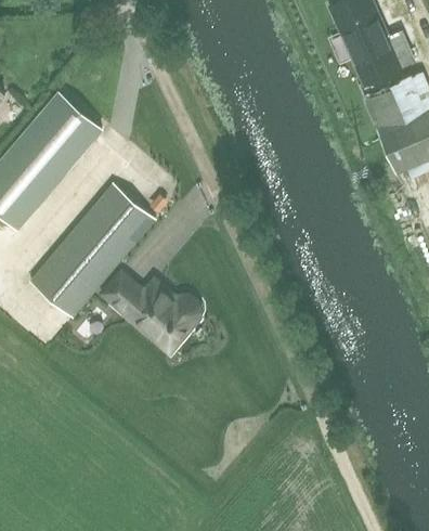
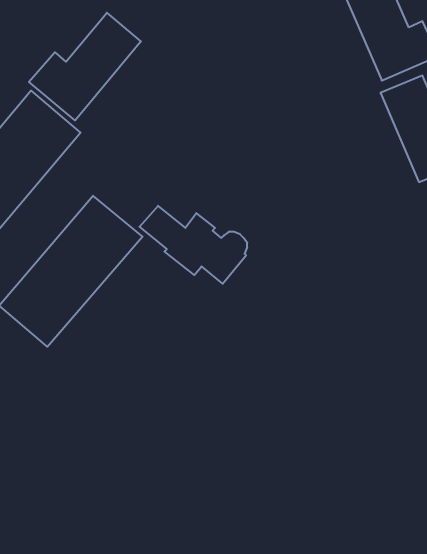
building: none -> [29,13,141,120]
building: [103,275,197,344] -> [139,206,247,284]

